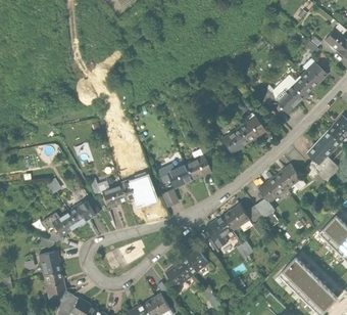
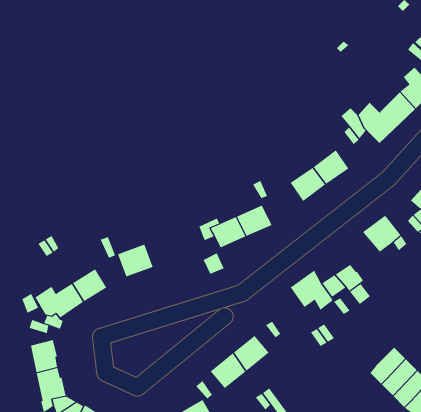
building: [120,174,156,205] -> none
building: [258,175,286,202] -> none
building: [205,214,233,246] -> none

